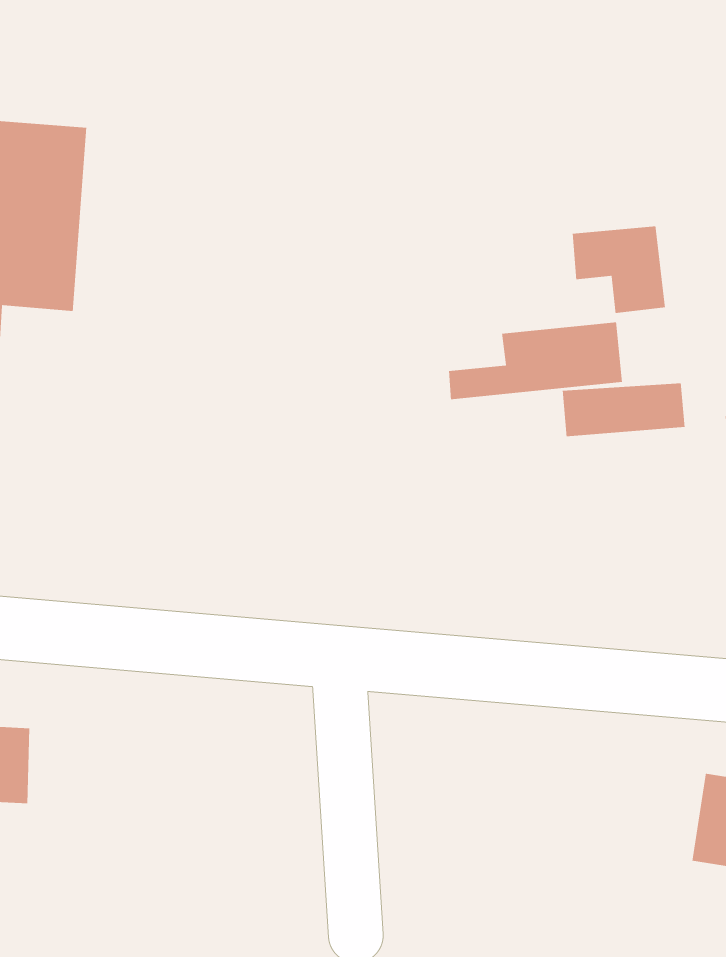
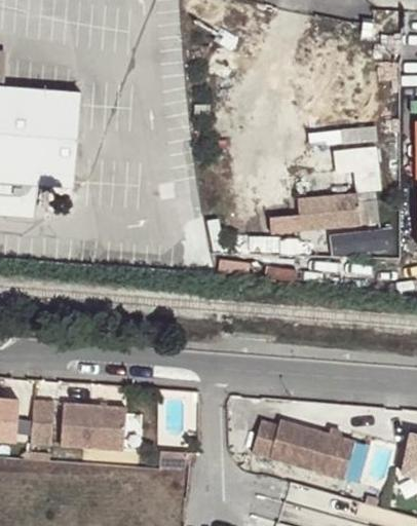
building: none -> [61,406,123,449]
building: none -> [260,426,359,484]

